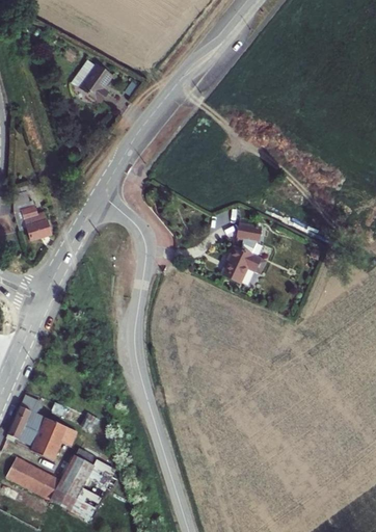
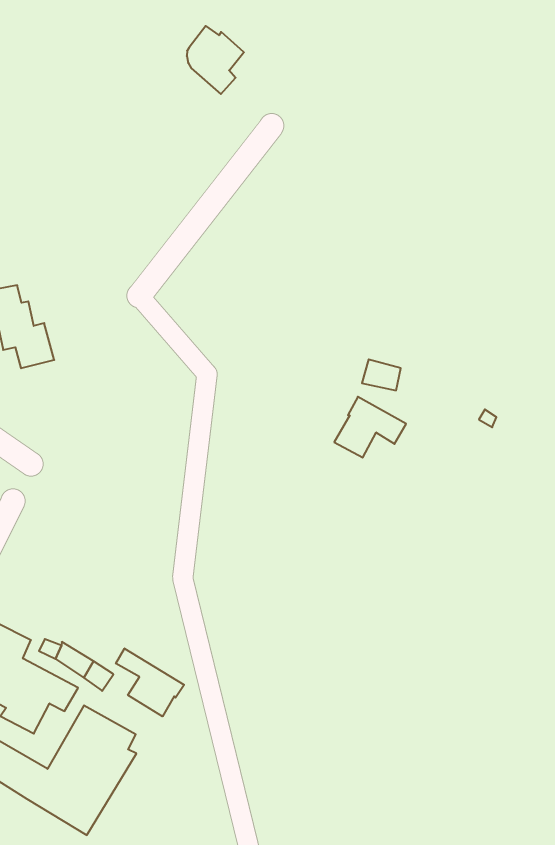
building: [79,60,113,101] -> [187,26,244,94]
building: none -> [116,648,184,716]

